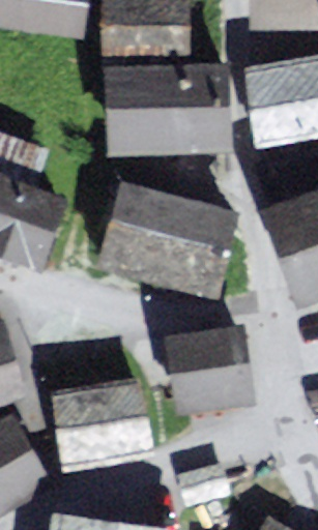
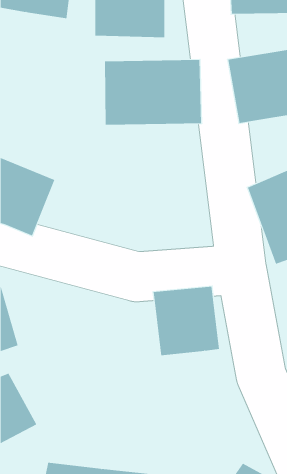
building: [102,188,227,291] -> none
building: [59,379,149,457] -> none

